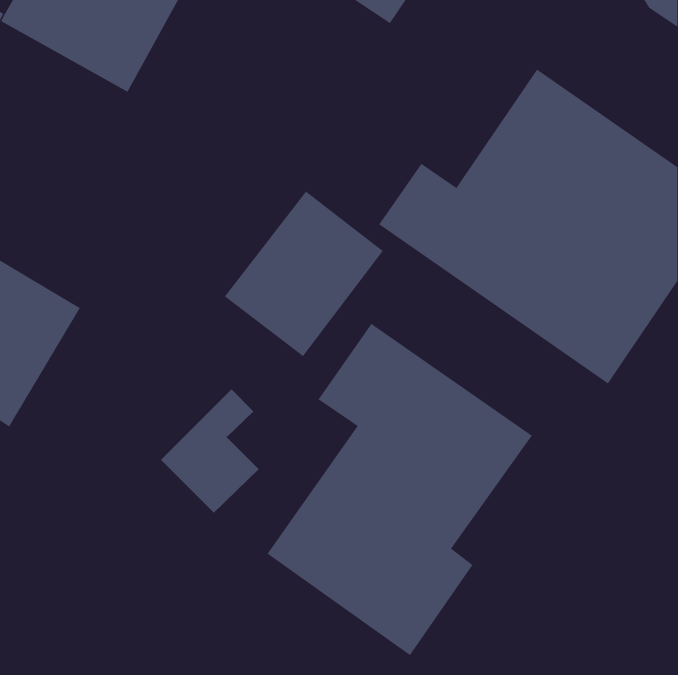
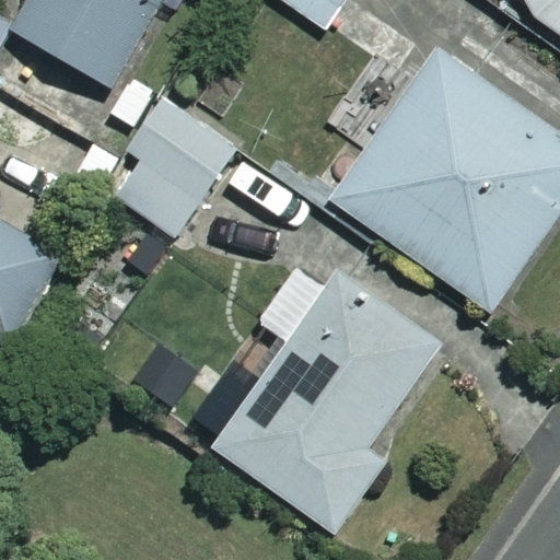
building: [224,190,384,357] -> [107,102,237,237]

